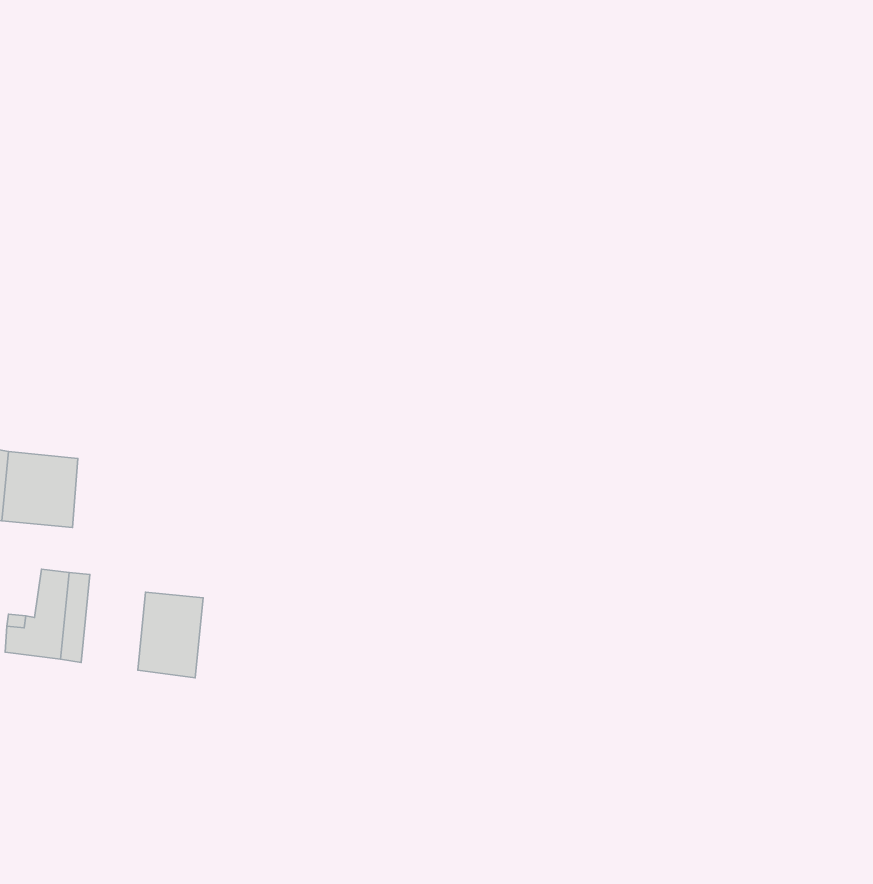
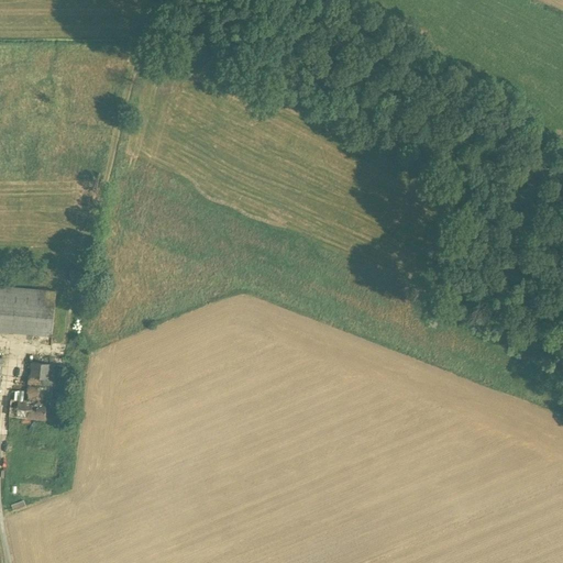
building: [138,592,203,678] -> none

